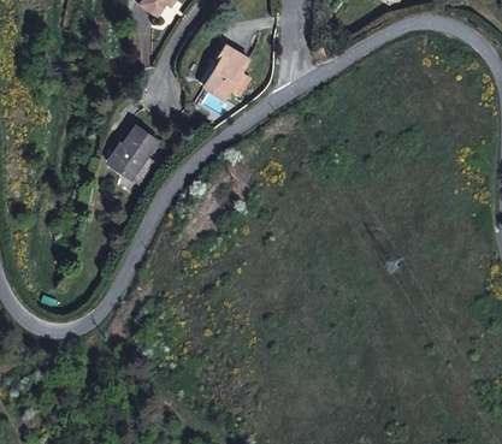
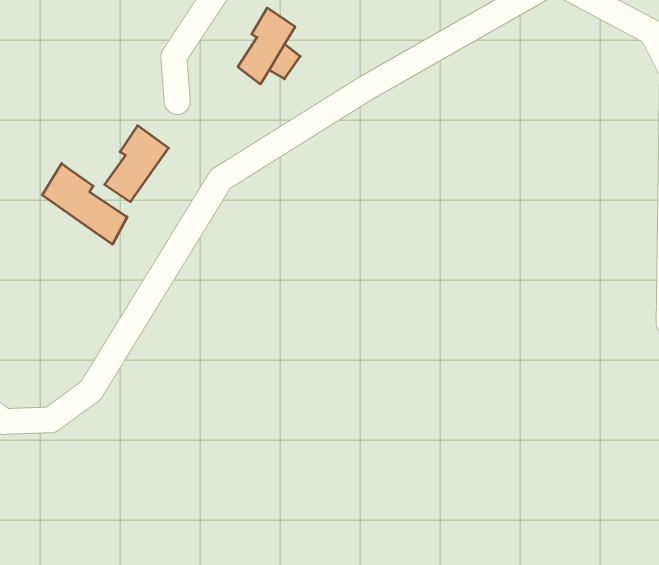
building: none -> [42,163,127,244]

